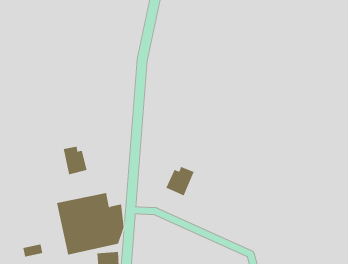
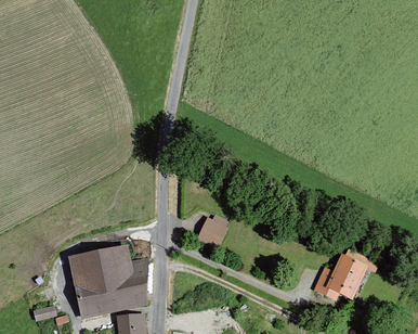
building: [63,146,87,175] -> none
building: none -> [313,252,374,301]

